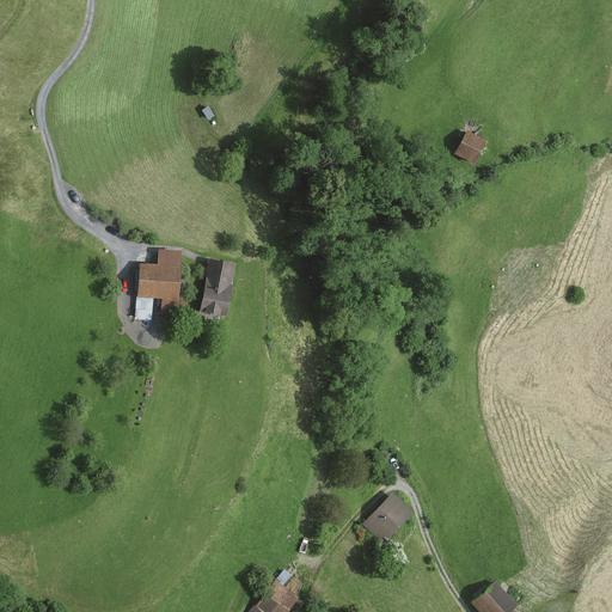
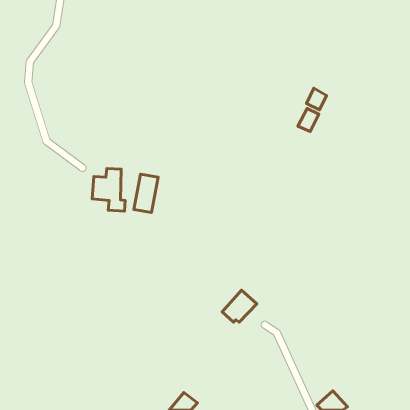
building: none -> [298,108,319,132]
building: [363,492,415,540] -> [222,290,257,322]

